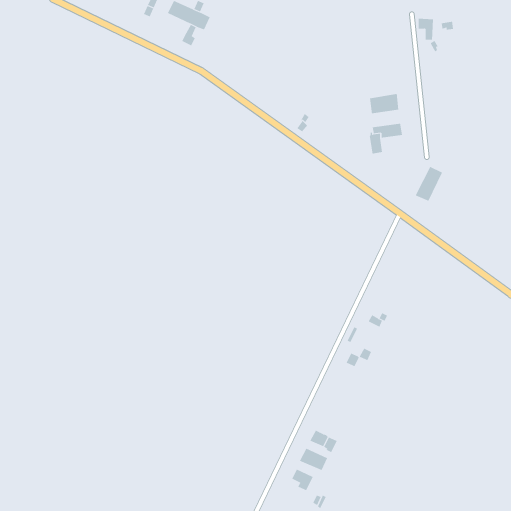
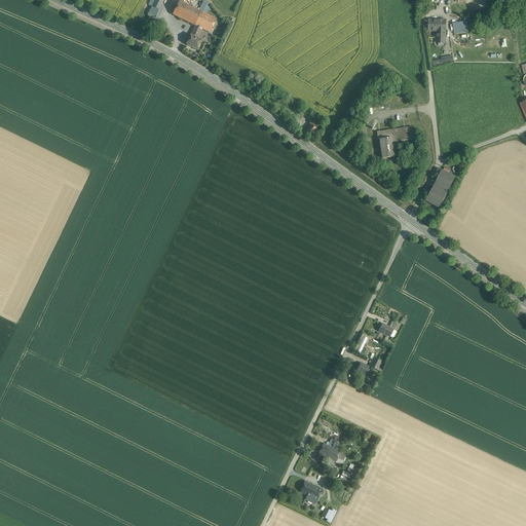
building: [370,93,399,114] -> none
building: [299,448,328,471] -> none

